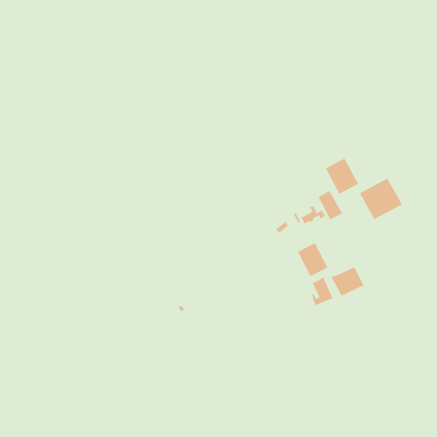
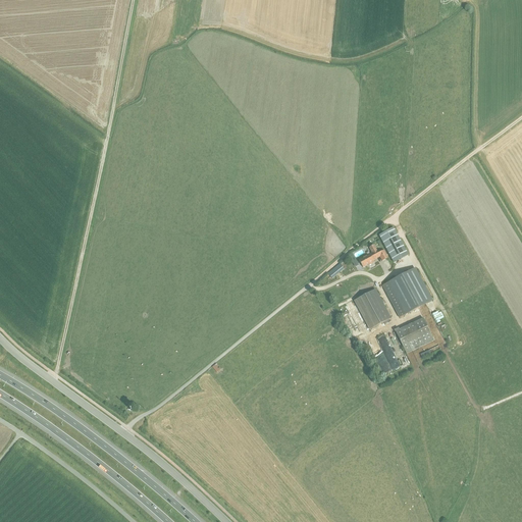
building: [325,158,359,194] -> none
building: [359,178,403,220] -> [381,267,433,317]

